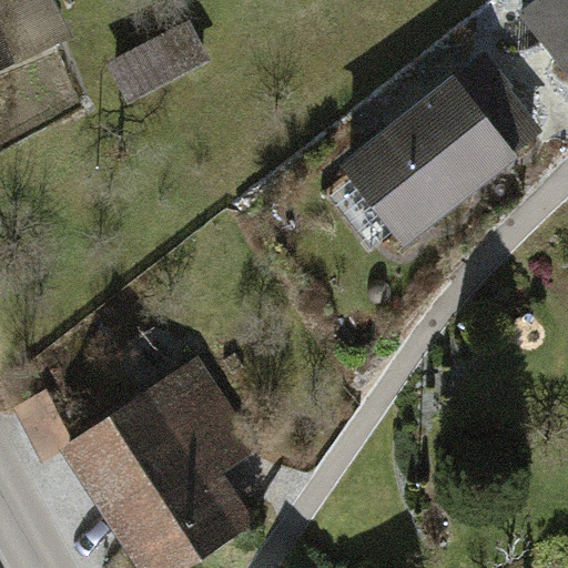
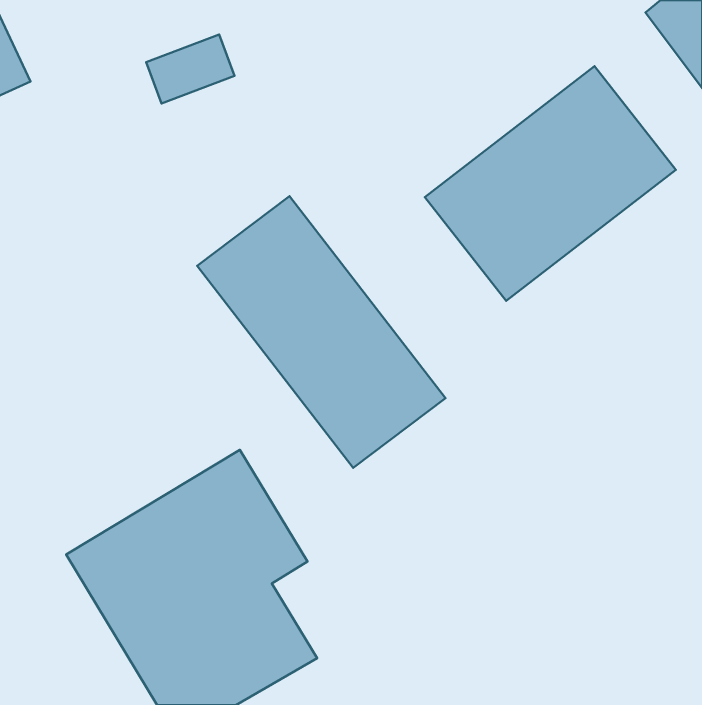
building: none -> [197,196,445,468]

